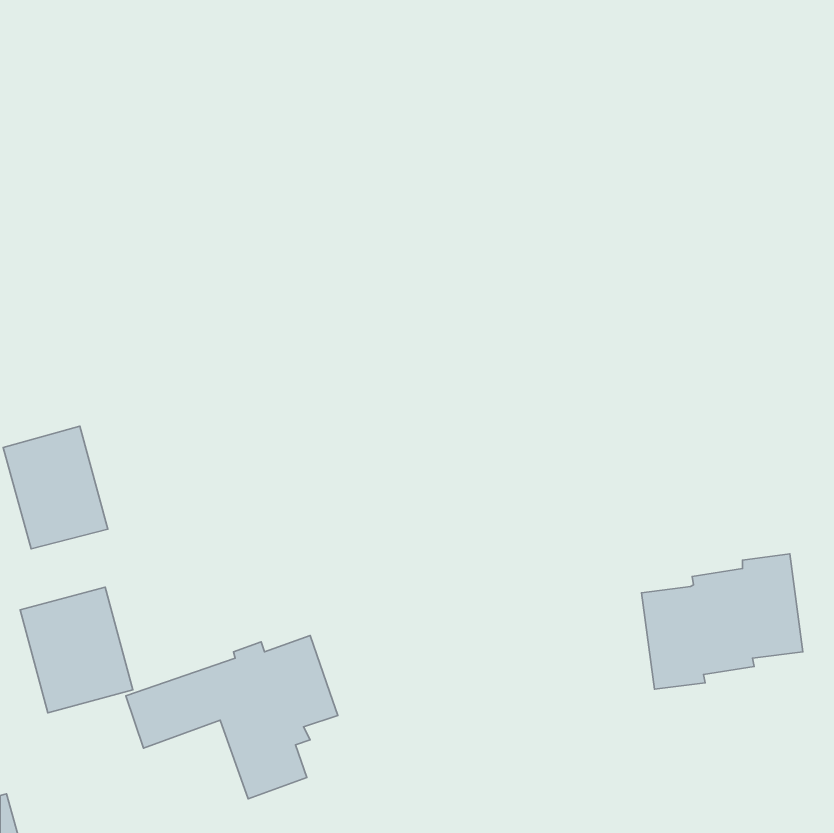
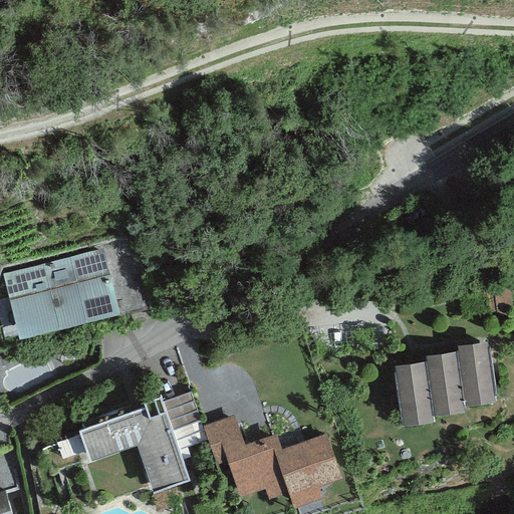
building: [20,587,133,713] -> [49,249,118,326]
building: none -> [203,415,341,507]

